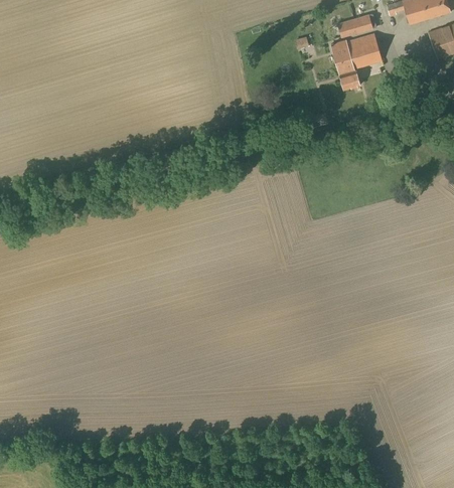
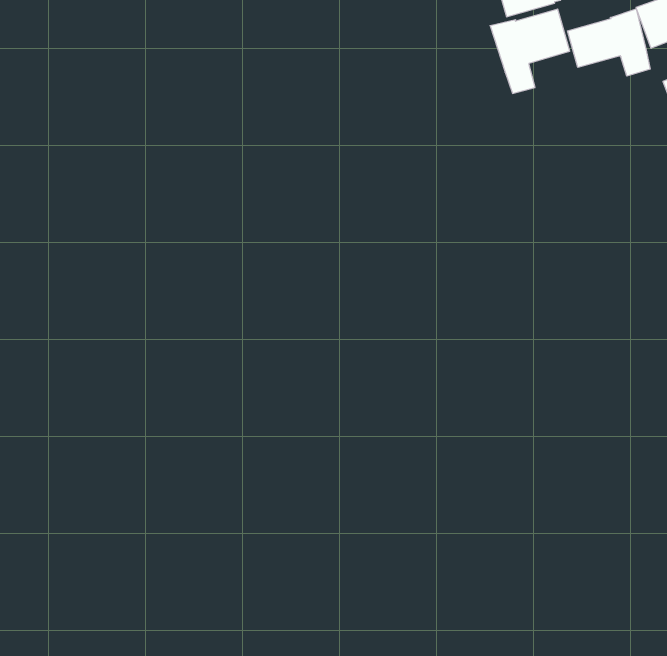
building: none -> [568,9,650,76]

